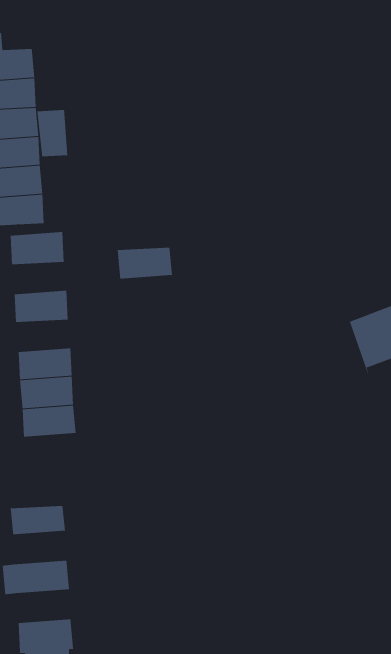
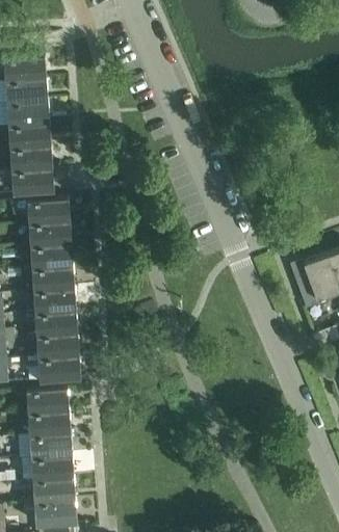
building: [37,109,68,157] -> none
building: [117,247,173,279] -> [28,222,72,247]
building: none -> [31,267,75,292]
building: none -> [28,355,81,382]
building: none -> [26,388,69,414]
building: none -> [29,431,72,457]
building: none -> [32,477,75,503]

